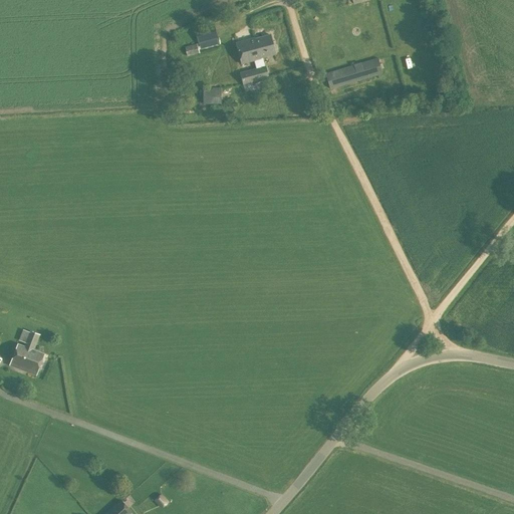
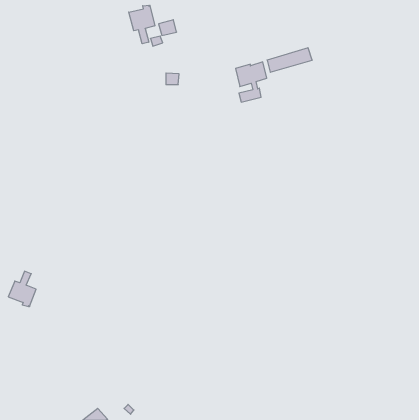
building: none -> [129,5,155,44]
building: [236,34,274,83] -> [236,62,267,102]

